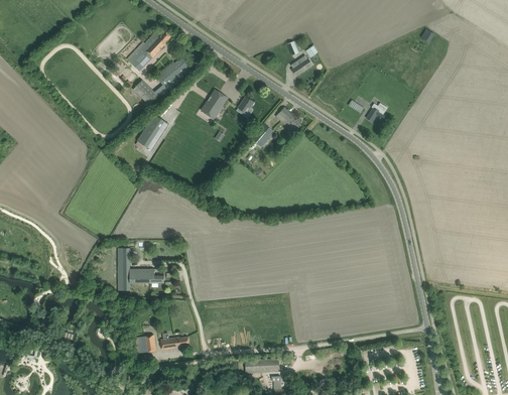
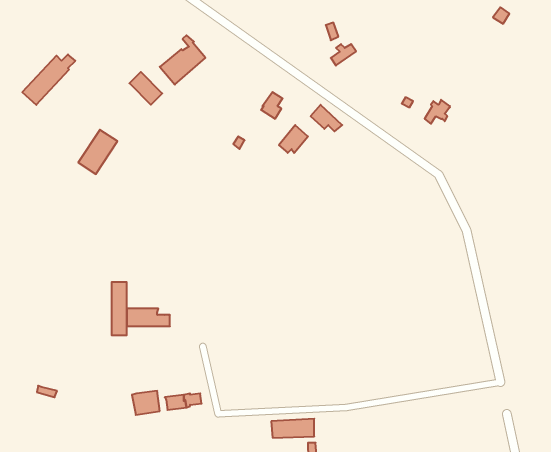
building: [128,31,170,72] -> [22,54,75,105]
building: [201,90,227,119] -> none
building: [136,115,167,150] -> [78,130,117,174]

